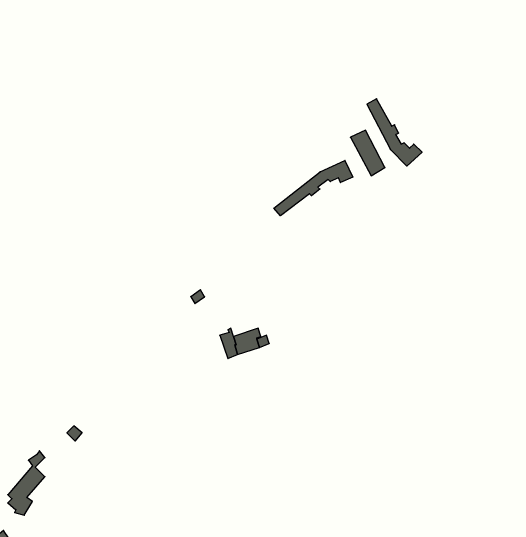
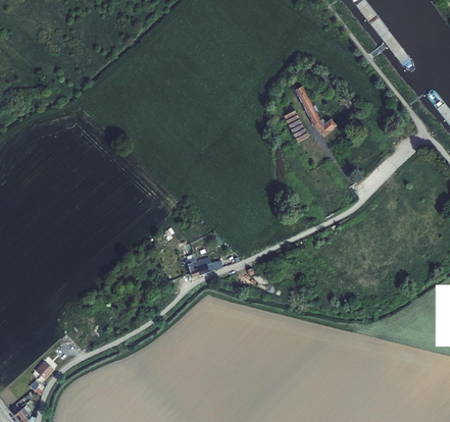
building: [274,160,353,216] -> none

